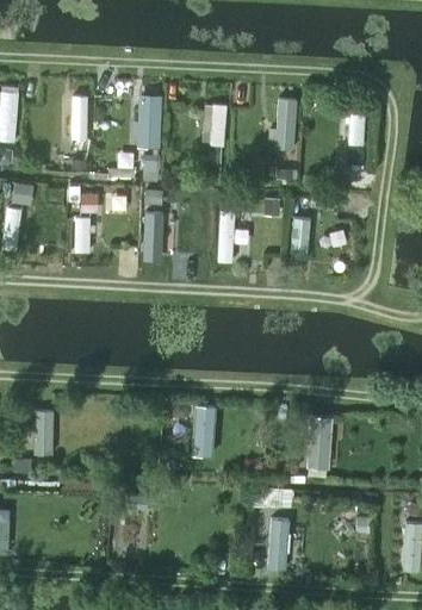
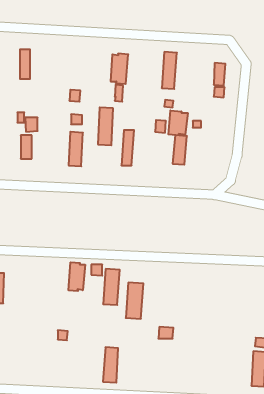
building: [138,92,160,145] -> [98,107,113,145]
building: none -> [168,110,188,135]
building: none -> [69,262,85,291]
building: [306,415,331,466] -> [126,283,143,319]
building: [266,522,287,572] -> [103,347,118,383]

